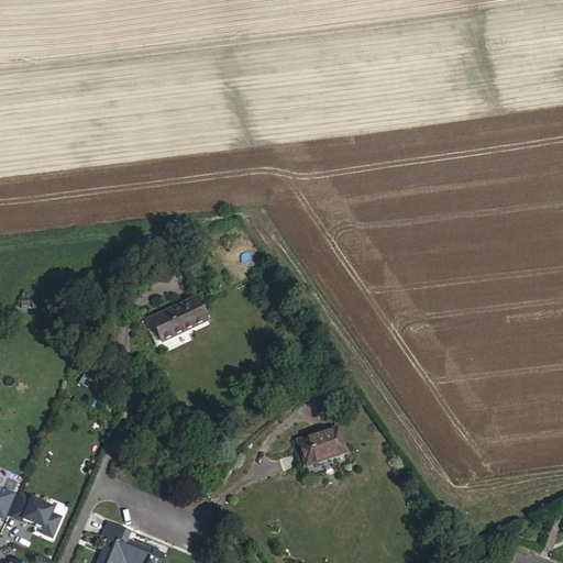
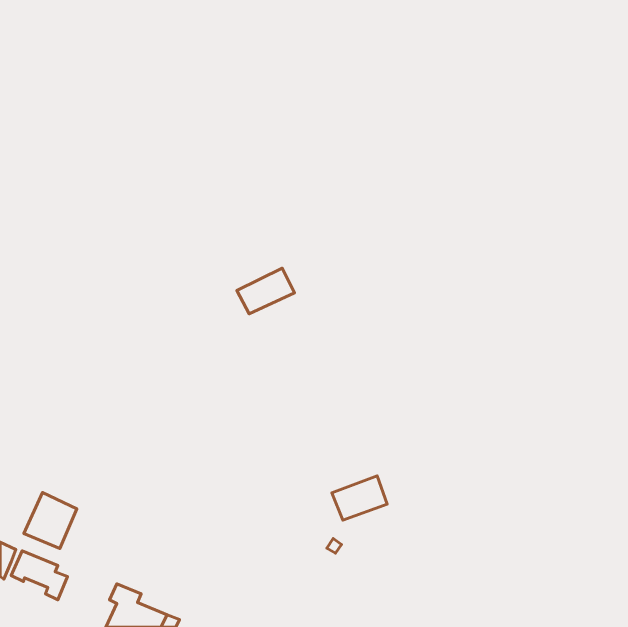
building: [154,297,206,338] -> [237,268,295,314]
building: none -> [24,492,77,549]

